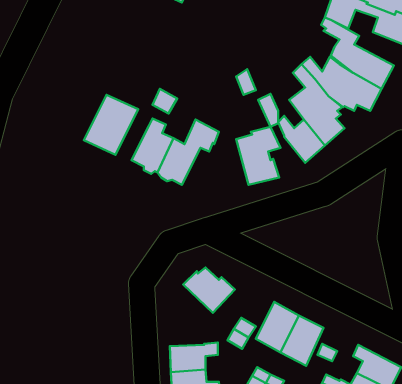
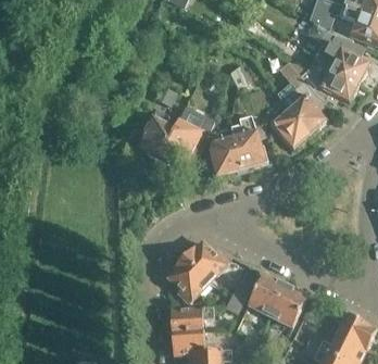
building: [84,95,138,155] -> none
building: none -> [210,128,240,176]
building: none -> [167,256,209,302]

